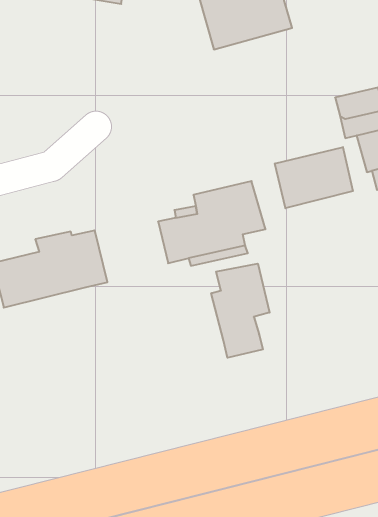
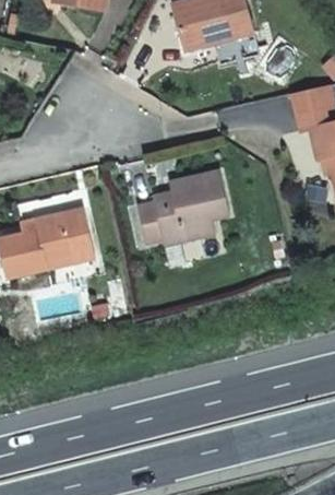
building: [275,147,353,208] -> none
building: [211,264,270,358] -> none

